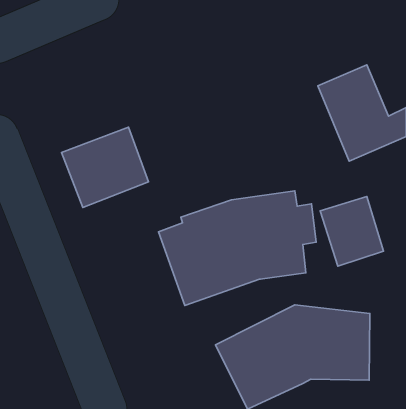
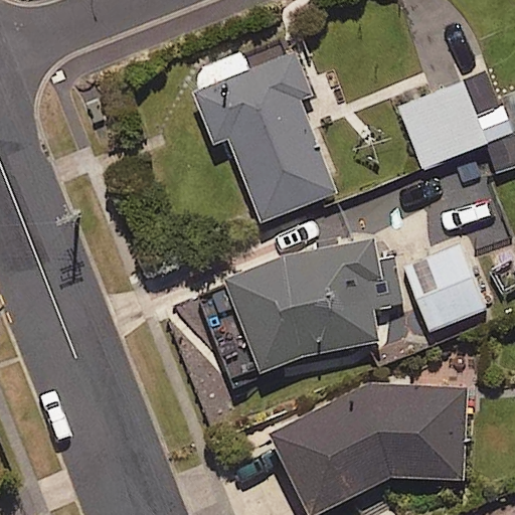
building: none -> [186,50,336,220]
building: [62,127,148,208] -> none

